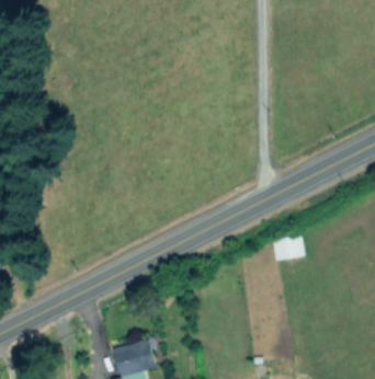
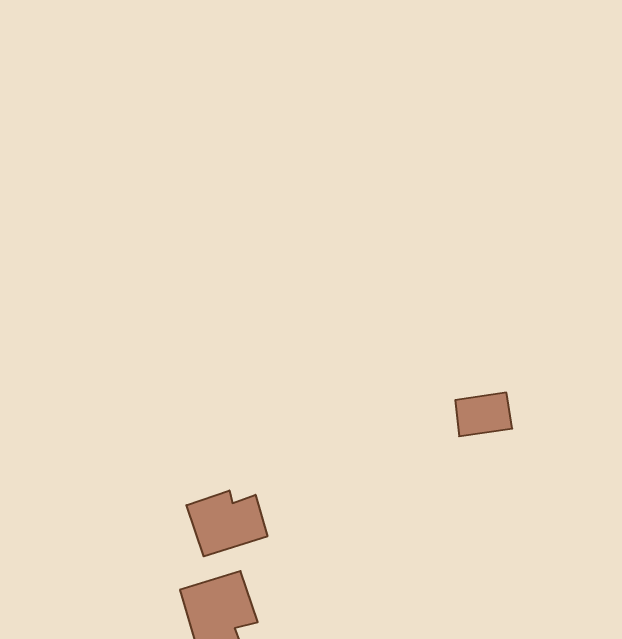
building: none -> [186,490,267,556]

